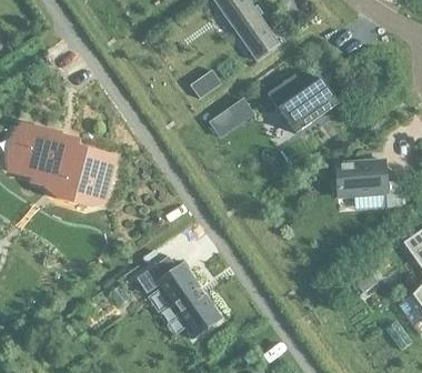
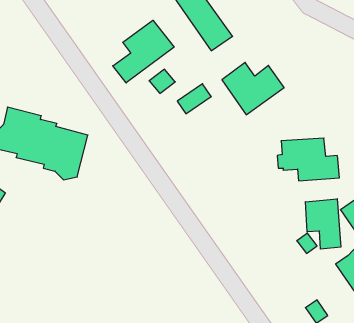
building: none -> [113,20,174,83]
building: none -> [305,199,341,249]
building: [134,254,221,337] -> none

